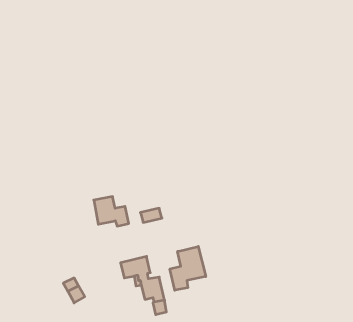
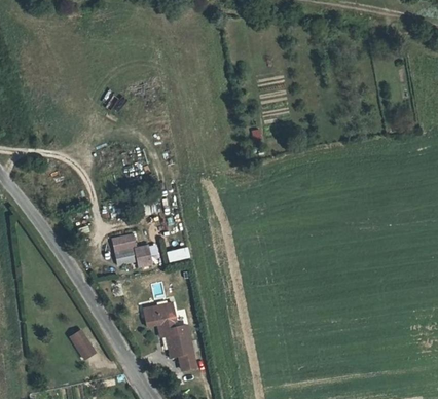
building: [170,246,206,290] -> none

